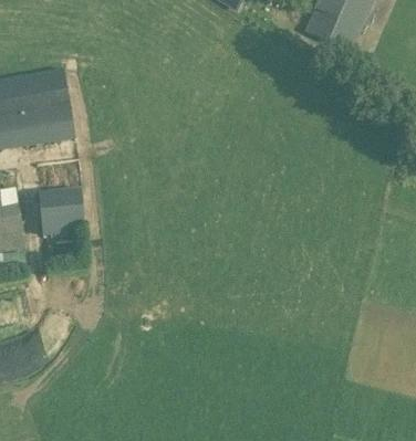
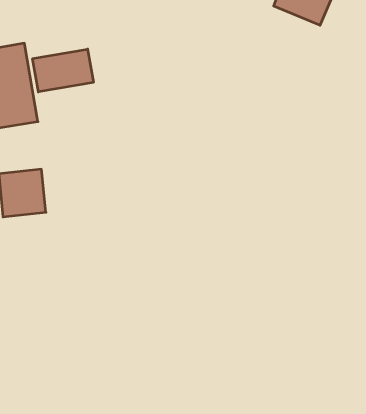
building: none -> [33,49,93,92]

